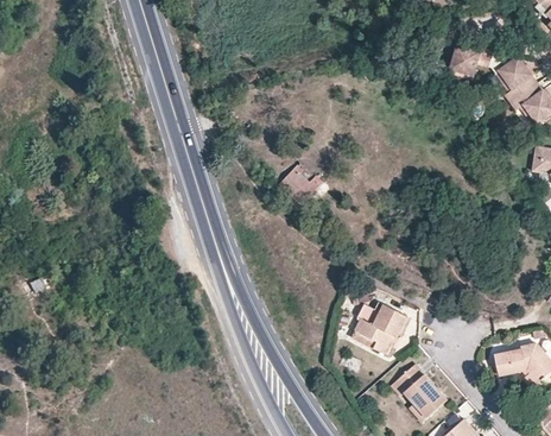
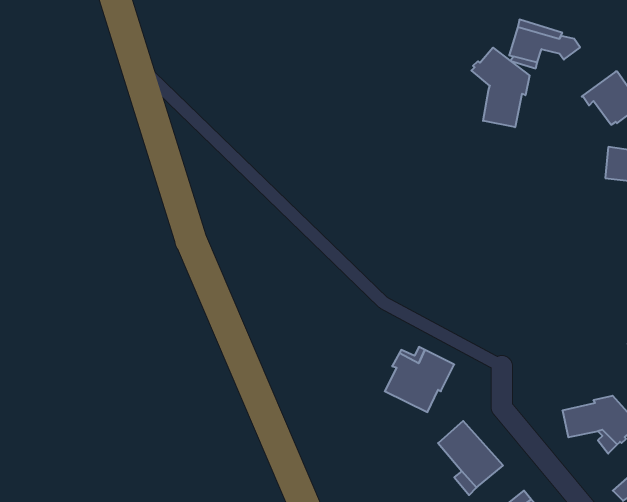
building: [495,56,537,102] -> none
building: none -> [471,48,530,127]
building: [278,162,319,206] -> none

